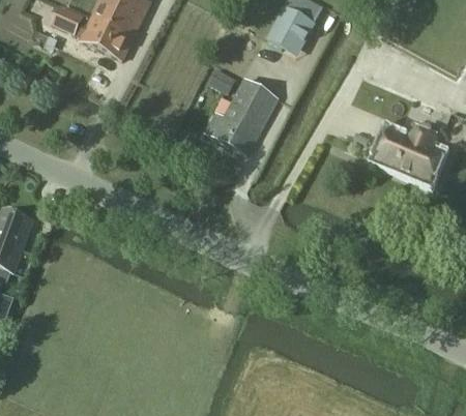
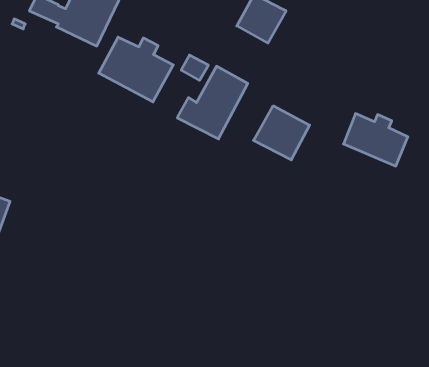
building: none -> [99,37,173,102]
building: none -> [253,106,310,160]

